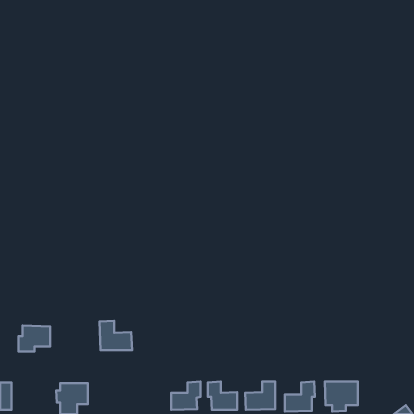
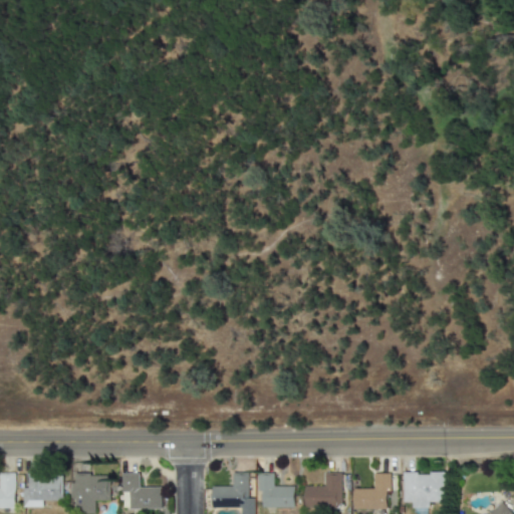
building: [100,321,132,350] -> [122,472,163,508]
building: [18,326,50,352] -> [23,474,62,506]

